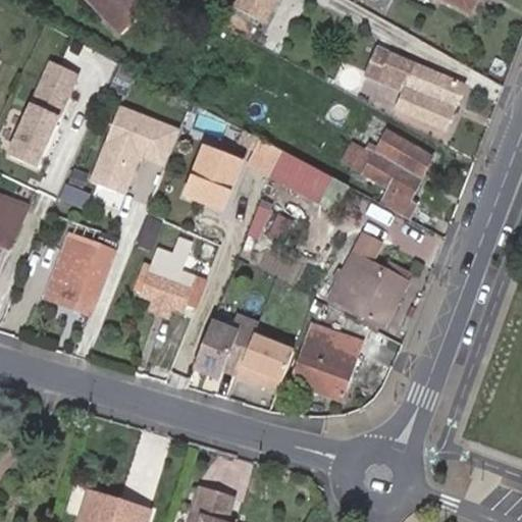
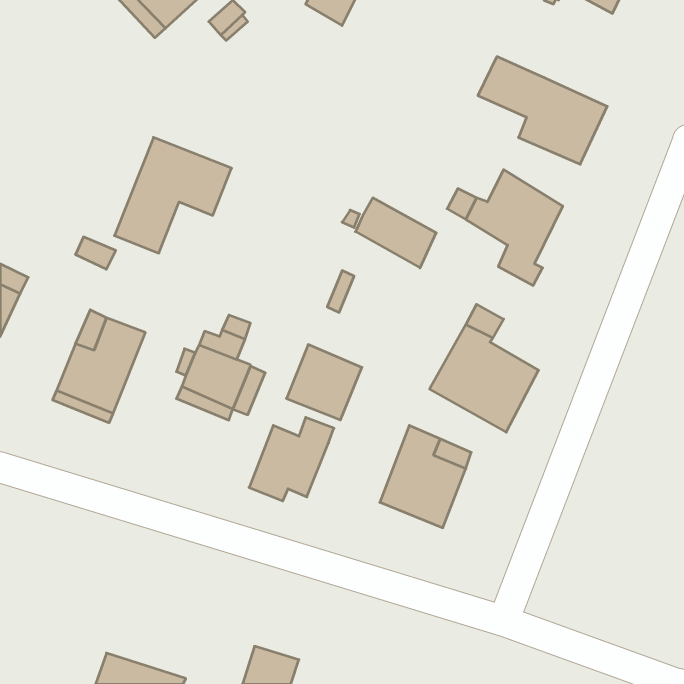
building: [10,62,85,172] -> none
building: [185,149,242,210] -> none
building: [236,335,293,393] -> [286,345,362,420]

